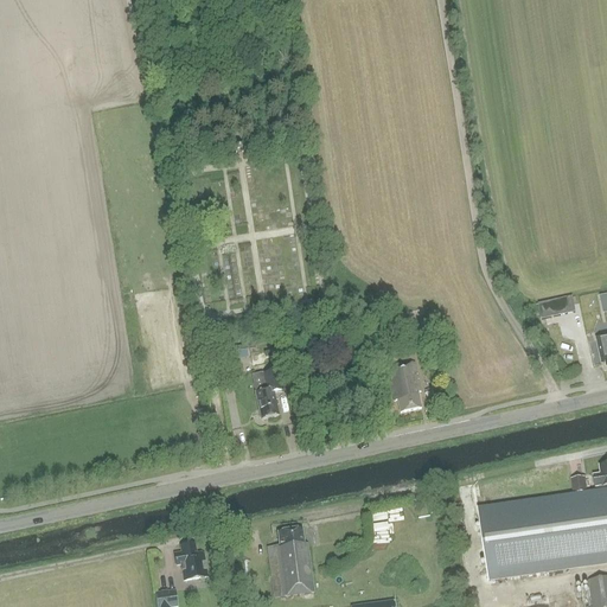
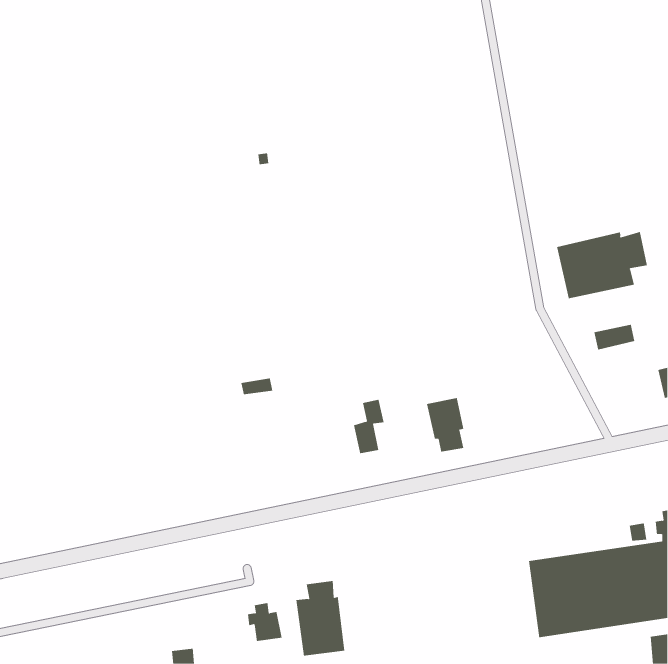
building: none -> [557,231,648,299]
building: [255,368,283,417] -> [353,399,384,454]
building: [175,542,207,577] -> [247,602,282,642]

